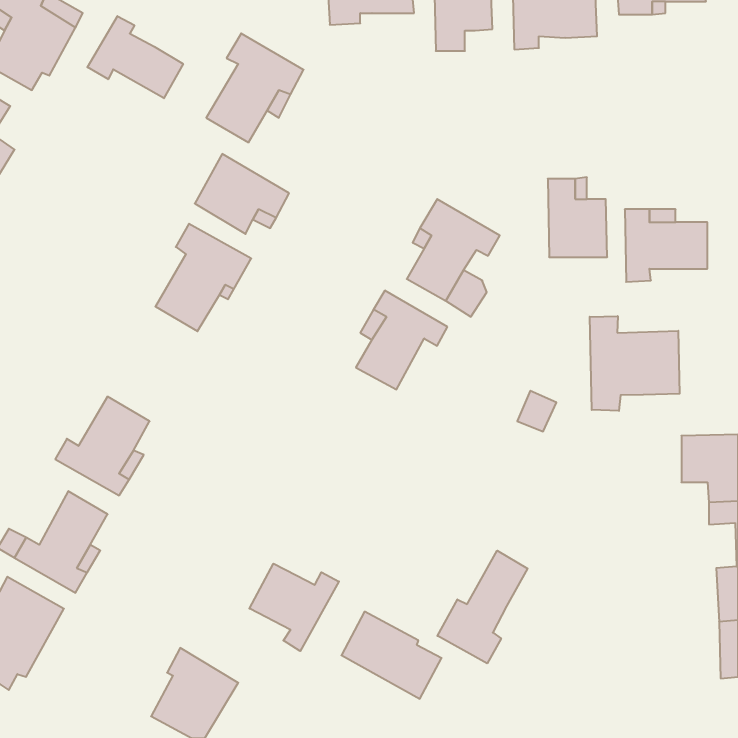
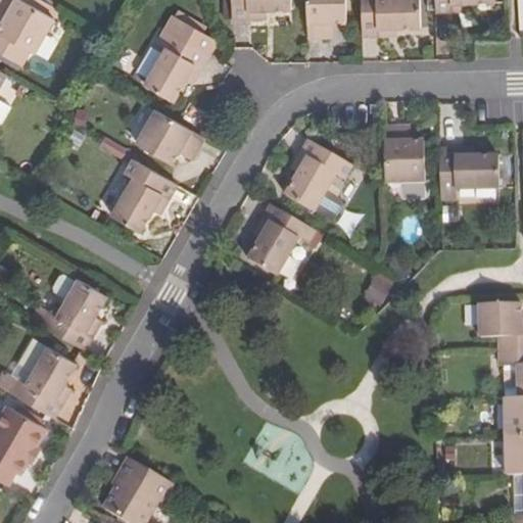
building: [87,16,183,98] -> none
building: [590,316,680,411] -> none
building: [437,551,528,663] -> none
building: [249,564,339,651] -> none

